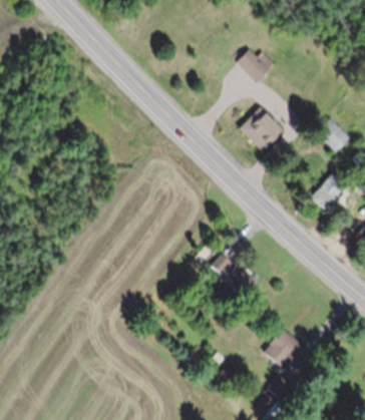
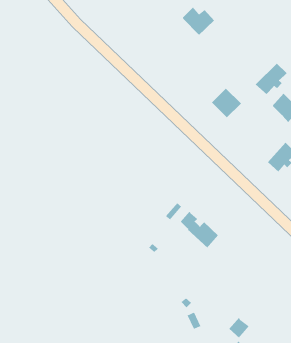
building: [237,49,275,83] -> [182,6,215,36]
building: none -> [255,63,287,95]
building: [264,329,302,367] -> none

